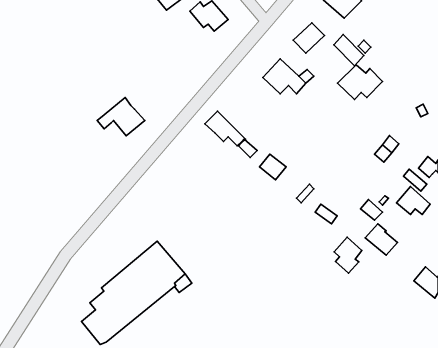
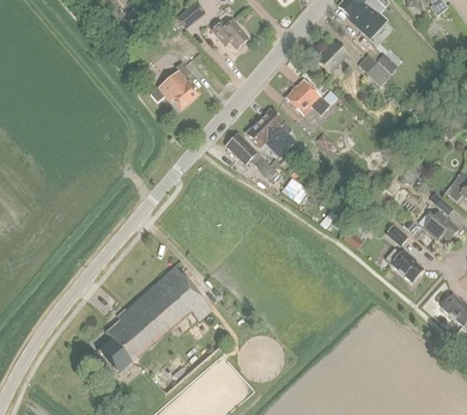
building: [338,65,383,100] -> none
building: none -> [247,110,295,155]
building: [97,97,145,136] -> [150,69,199,109]
building: [334,237,362,273] -> none

